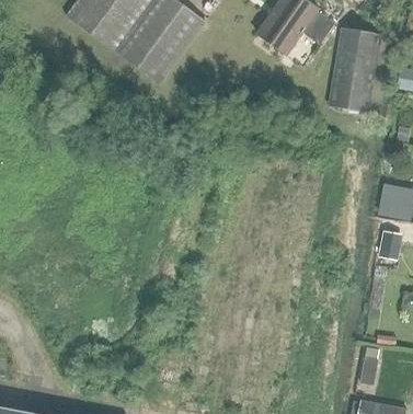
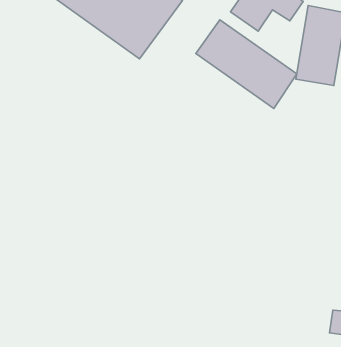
building: none -> [196,20,297,108]

